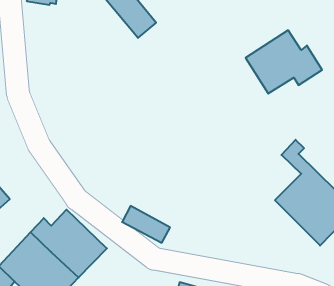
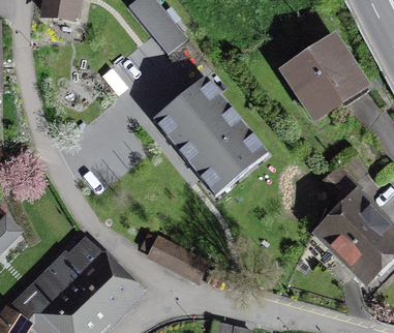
building: none -> [152,77,268,196]

